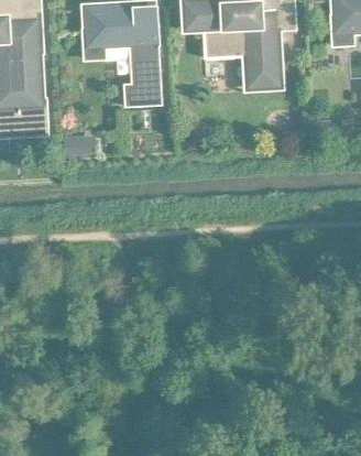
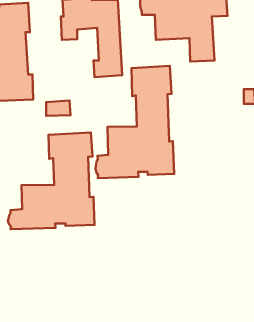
building: none -> [95,66,174,178]
building: none -> [8,133,95,229]

